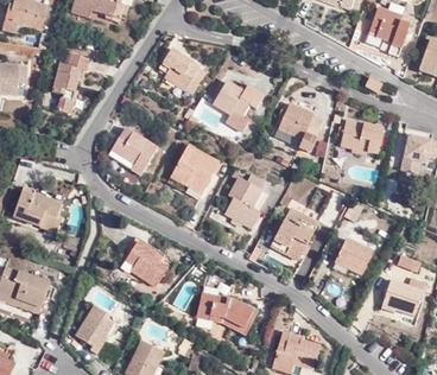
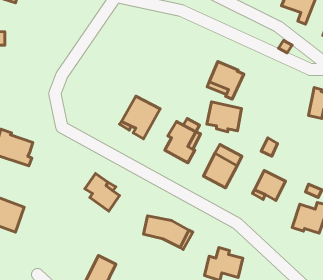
building: [158,47,202,89] -> none
building: [51,53,89,114] -> none
building: [213,80,264,129] -> none
building: [340,117,382,154] -> [207,102,241,132]
building: [108,126,157,174] -> none
building: [76,305,120,352] -> none

